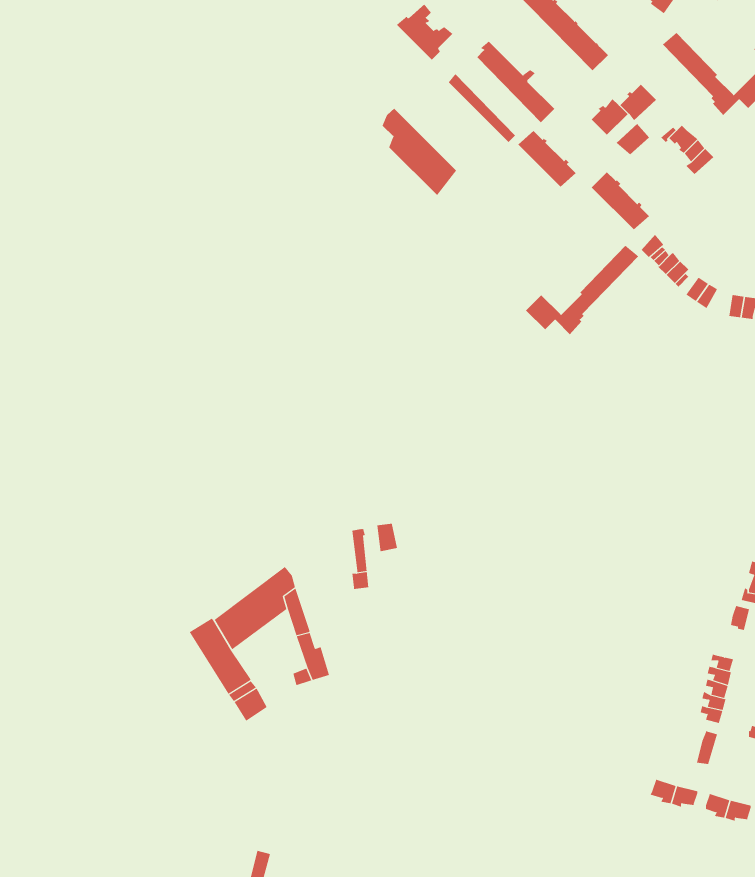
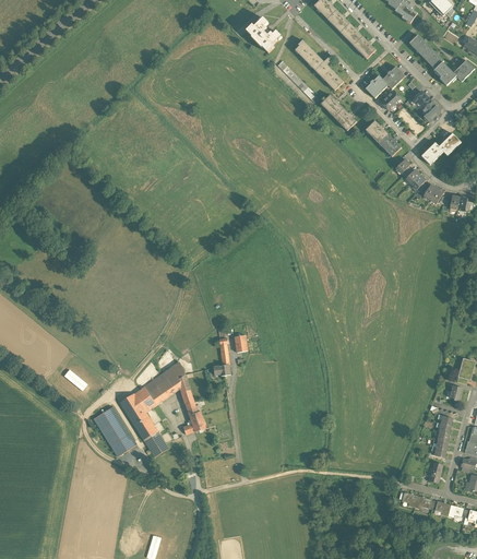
building: [382,108,457,196] -> none
building: none -> [421,132,460,164]
building: [525,245,639,335] -> none
building: none -> [93,405,136,455]

